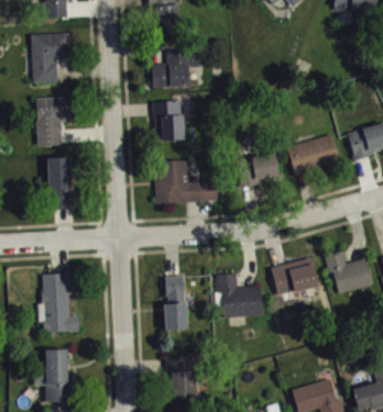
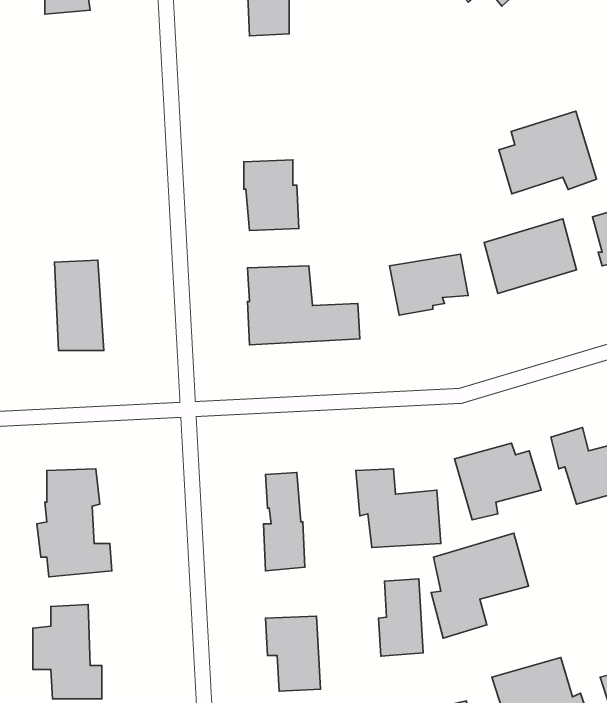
building: [31,33,68,83] -> none
building: [152,49,199,88] -> none
building: none -> [499,111,596,194]
building: [36,96,84,146] -> none
building: none -> [431,533,529,638]
building: none -> [378,579,423,656]

